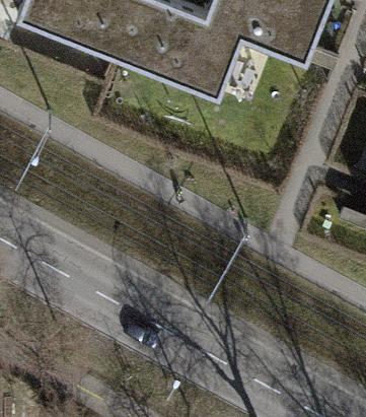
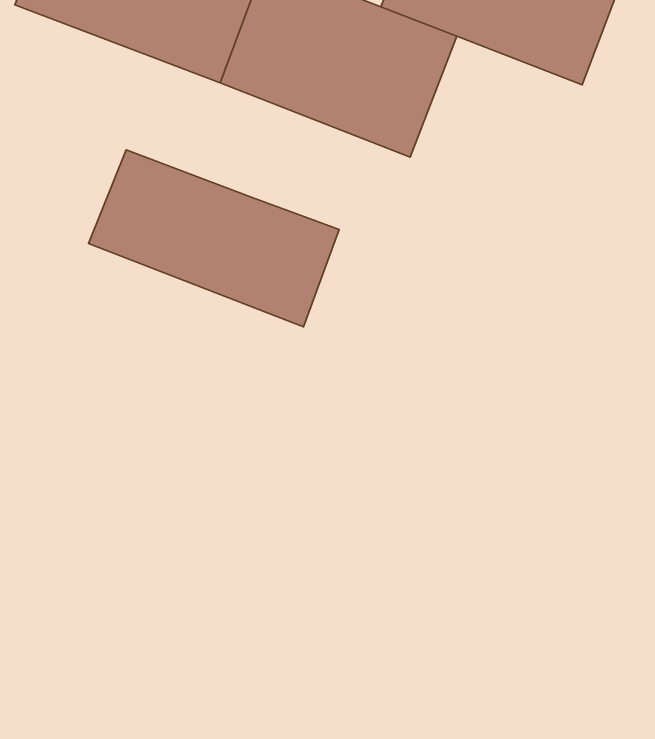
building: none -> [88,150,339,327]

